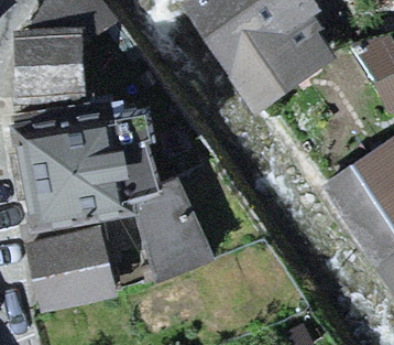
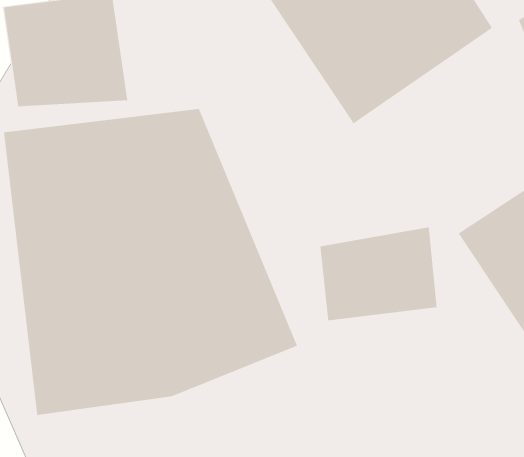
building: none -> [320,226,437,321]

